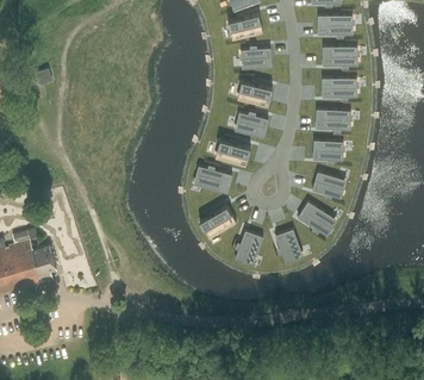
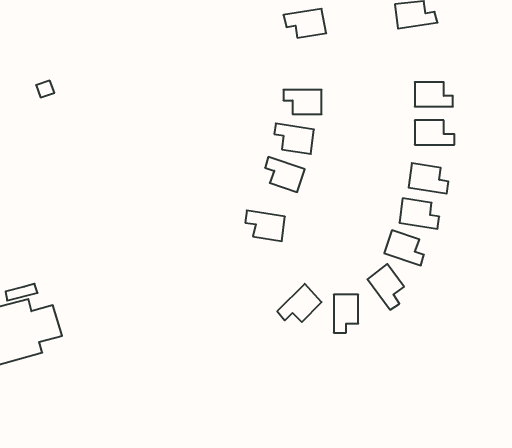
building: [326,41,358,63] -> none
building: [230,48,261,67] -> none
building: [201,210,235,232] -> none

